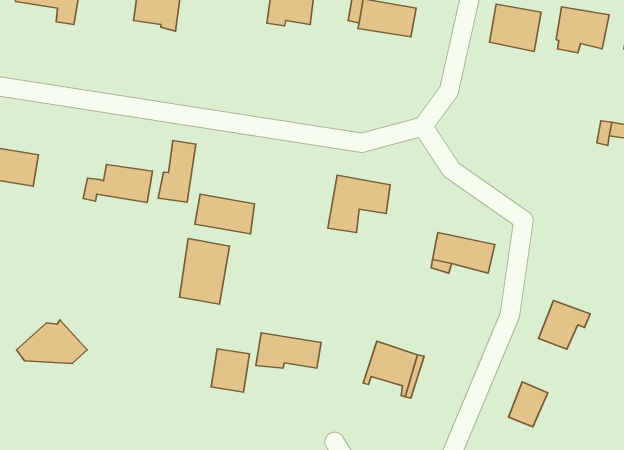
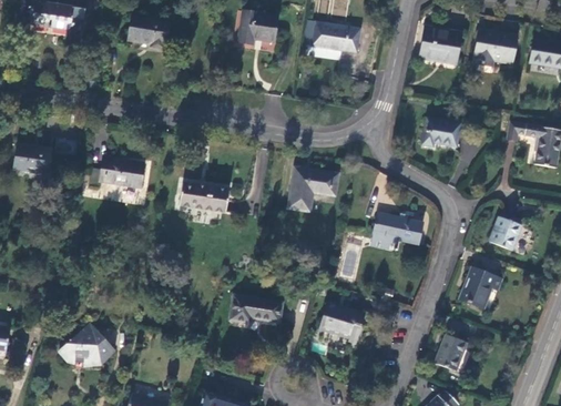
building: none -> [422,118,459,146]
building: [158,141,196,202] -> none
building: none -> [489,216,521,252]
building: [180,238,230,304] -> none
building: [16,320,87,363] -> [58,327,115,363]
building: [211,349,250,392] -> none

